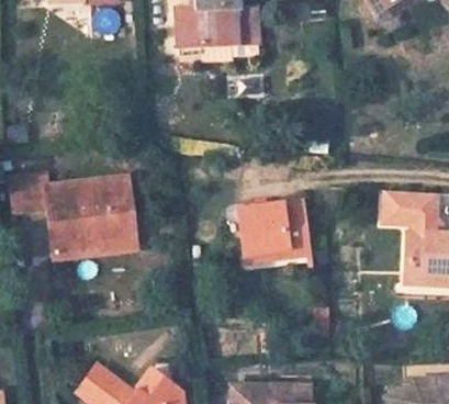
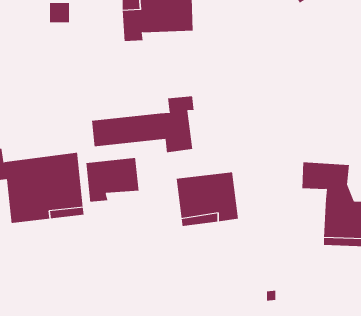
building: none -> [91,95,194,153]
building: none -> [86,157,139,202]

